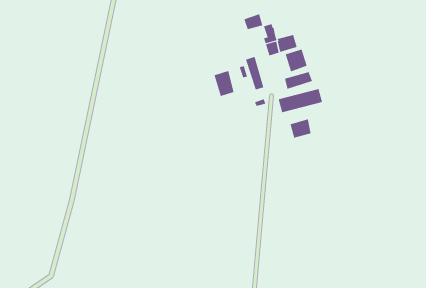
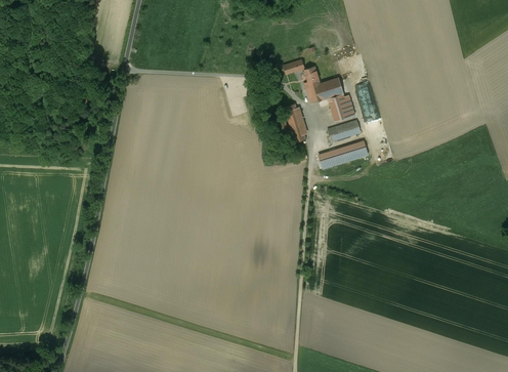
building: [214,70,234,97] -> none
building: [290,119,311,138] -> none

